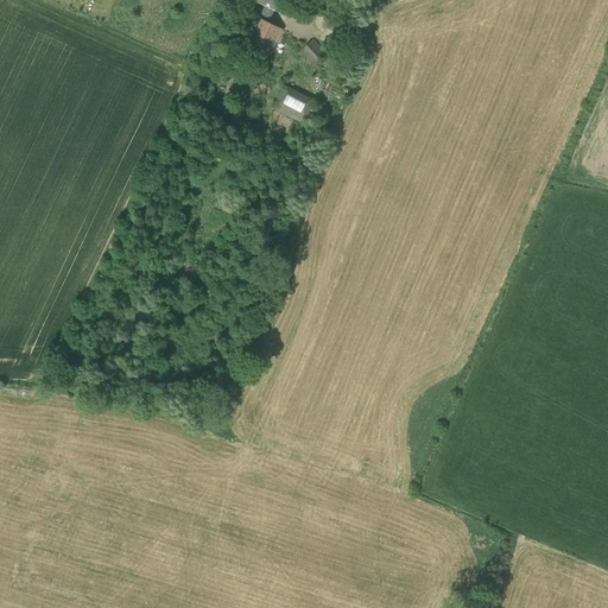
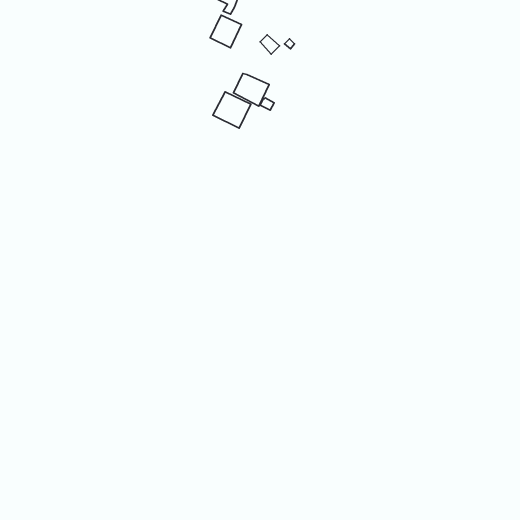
building: none -> [213,92,251,128]

